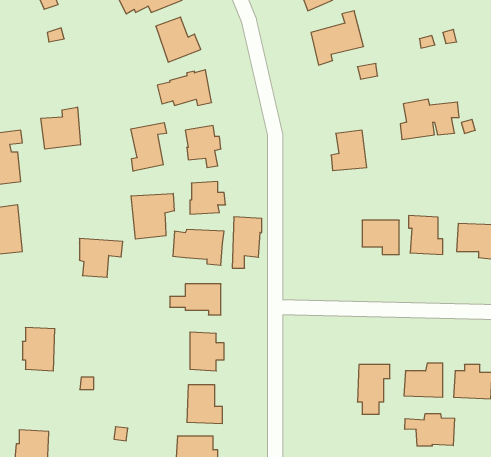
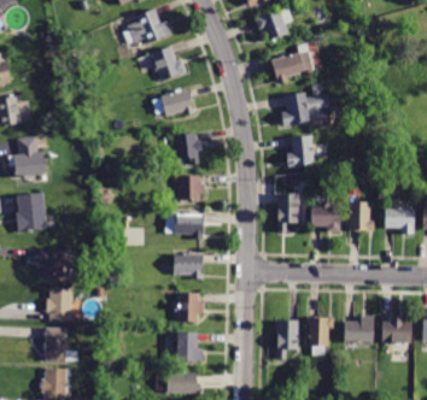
building: [400,99,459,139] -> [282,93,328,124]
building: [41,107,80,149] -> none
building: [131,123,166,171] -> none
building: [131,193,174,239] -> none
building: [232,217,262,268] -> [277,193,300,233]
building: [79,238,123,277] -> [41,248,75,278]
building: none -> [276,320,298,358]
building: none -> [42,328,78,361]
building: [405,414,455,446] -> none

